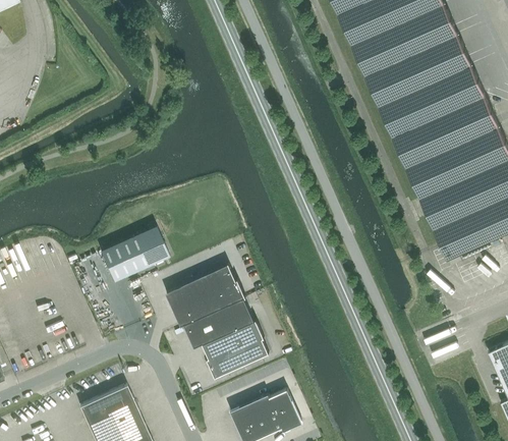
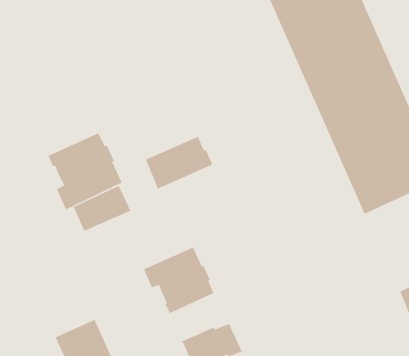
building: none -> [48,132,123,210]
building: [165,265,245,328] -> [145,136,213,190]

